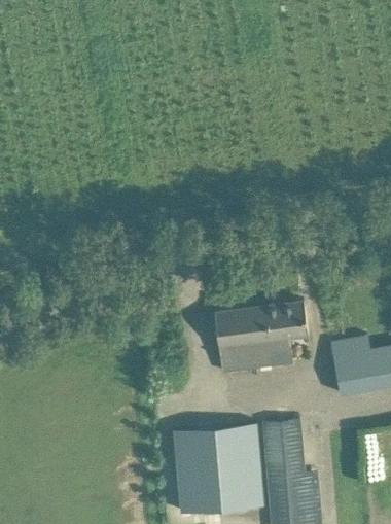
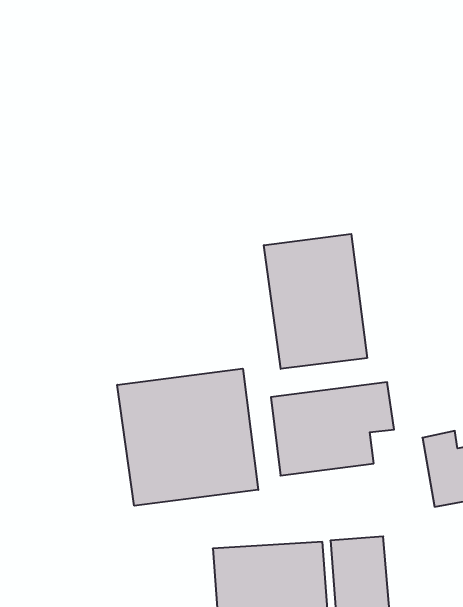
building: none -> [264,234,367,369]
building: none -> [117,369,258,506]

